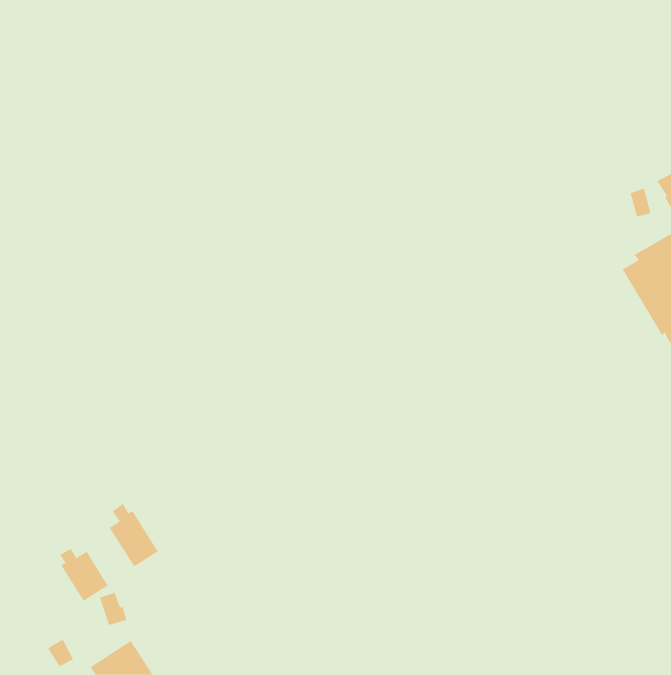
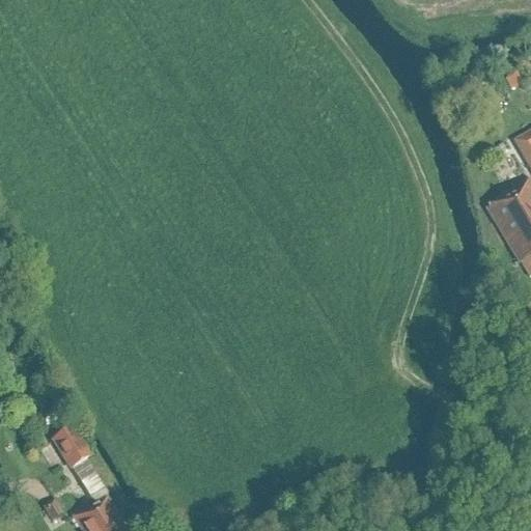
building: [109,503,159,567] -> none

